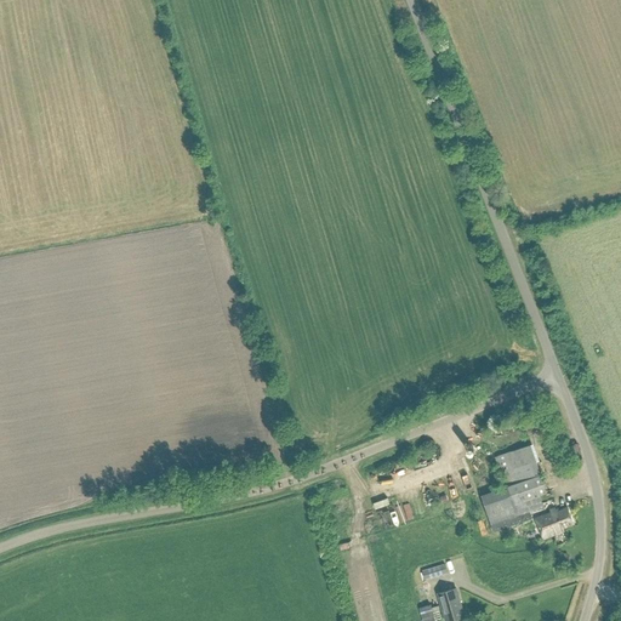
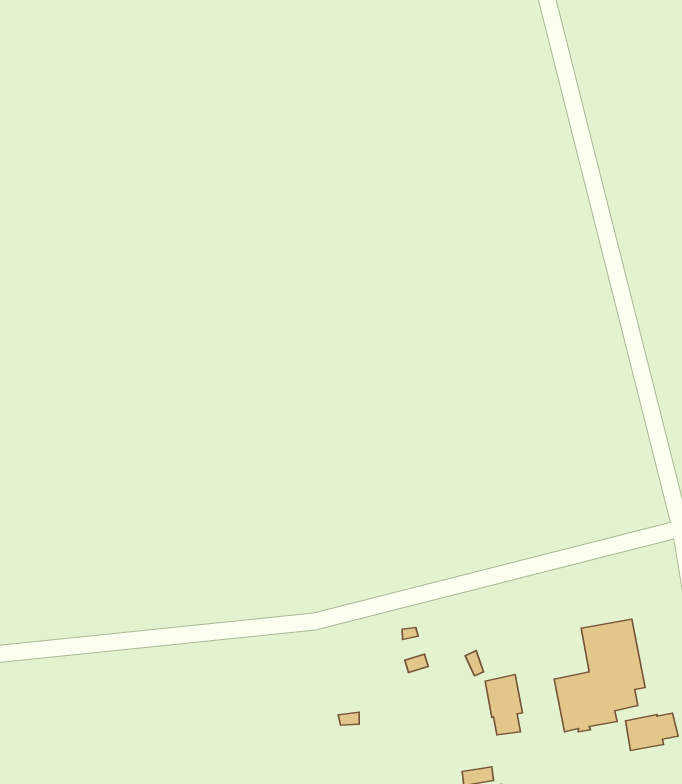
building: none -> [485,675,523,735]

